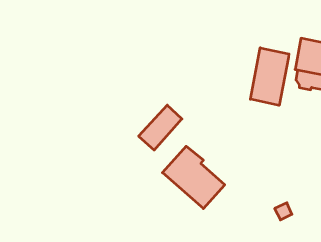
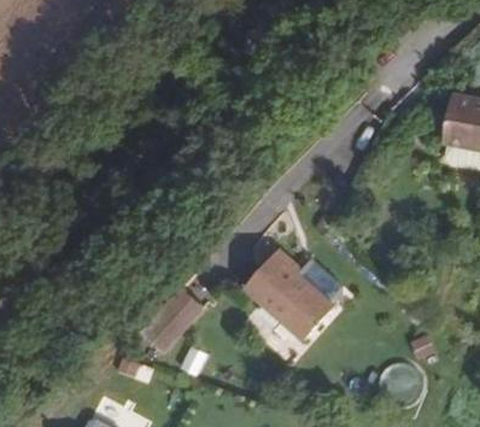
building: [250,48,289,105] -> none
building: [139,105,182,150] -> [140,285,204,351]

